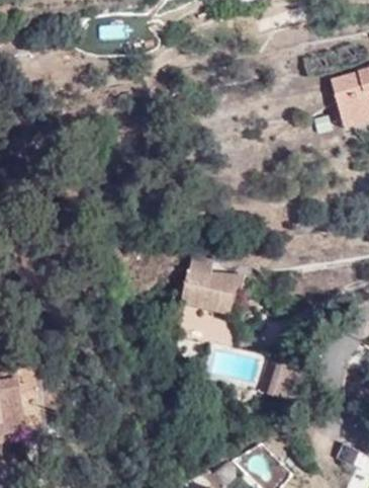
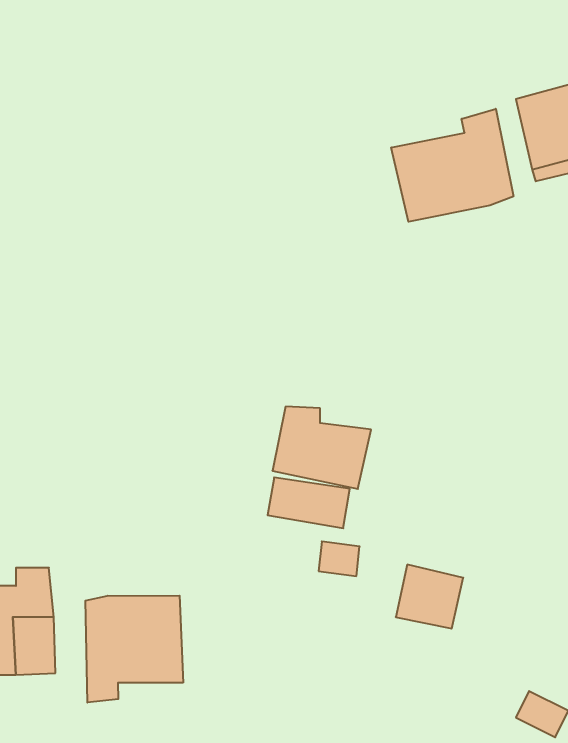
building: none -> [391,109,513,222]
building: none -> [85,596,183,703]

